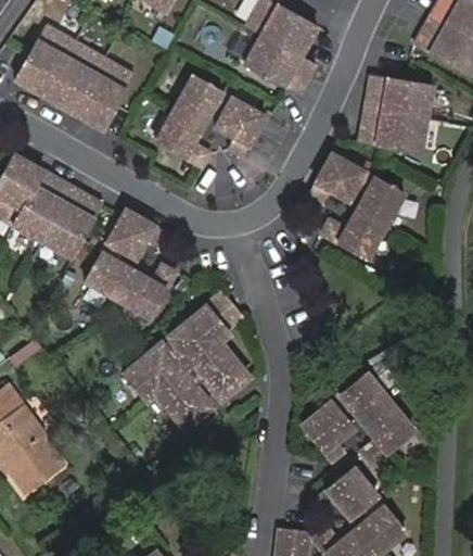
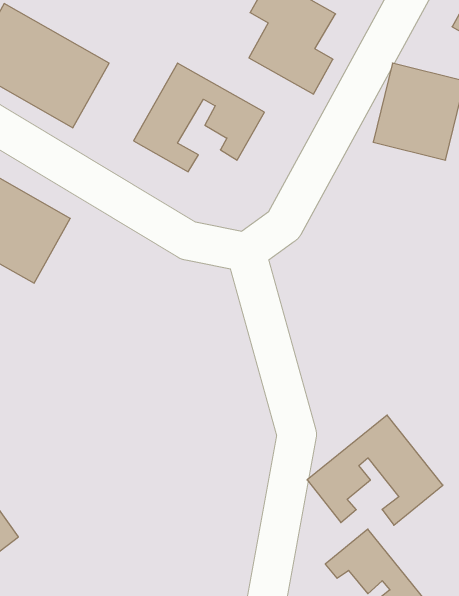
building: [304,150,399,256] -> none
building: [85,208,175,318] -> none
building: [124,292,247,427] -> none

